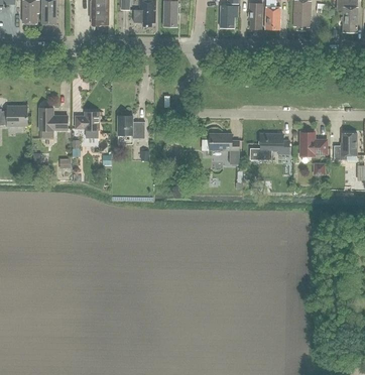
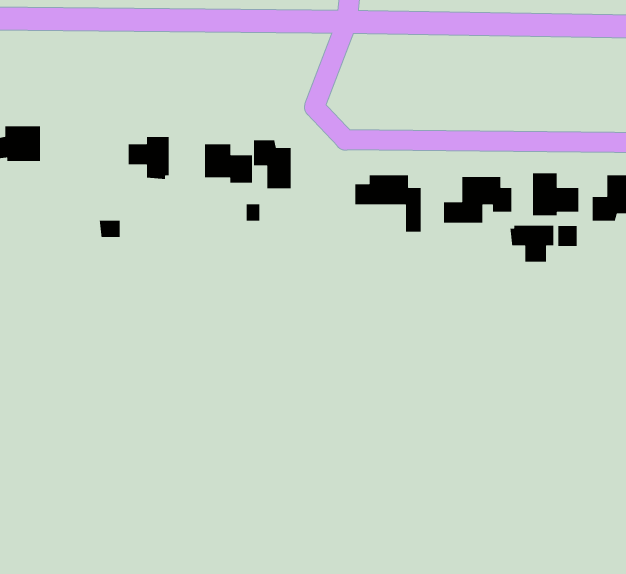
building: [38,108,67,138] -> none
building: none -> [253,139,291,189]
building: none -> [510,225,554,263]

